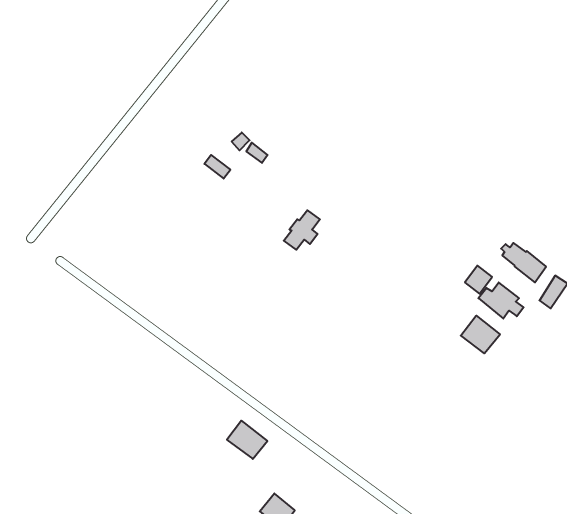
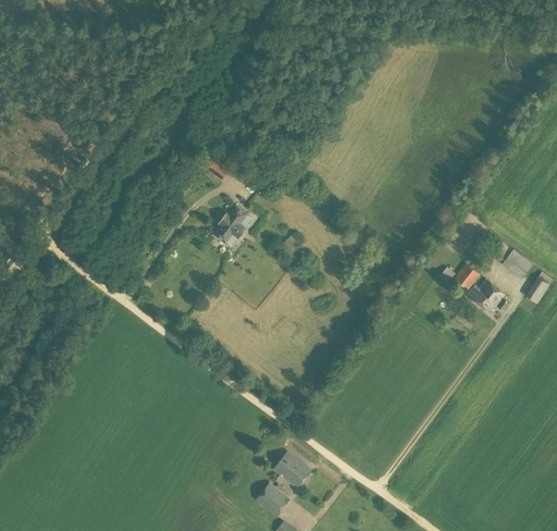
building: [284,210,320,250] -> [212,205,247,243]
building: [461,316,500,353] -> none
building: [227,421,267,459] -> [272,450,311,487]

